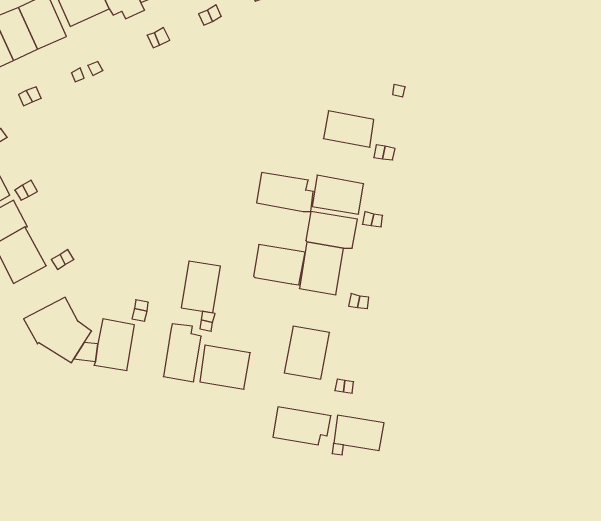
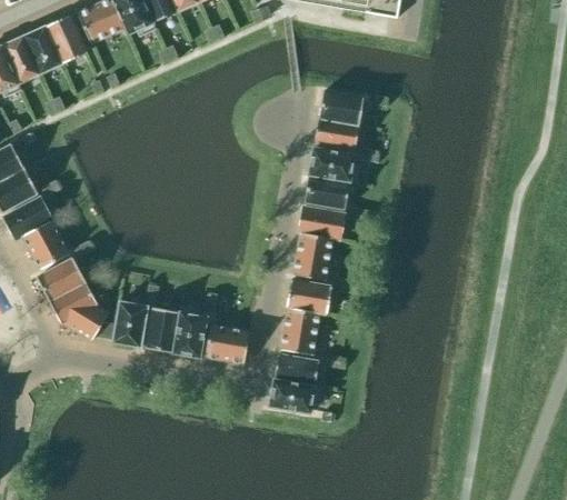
building: none -> [319,90,365,124]
building: [257,173,313,212] -> [309,147,359,181]
building: [254,245,305,285] -> [287,278,332,313]
building: [181,261,220,313] -> [146,306,180,351]
building: none -> [37,257,87,300]
building: [334,415,384,451] -> [275,353,319,384]

